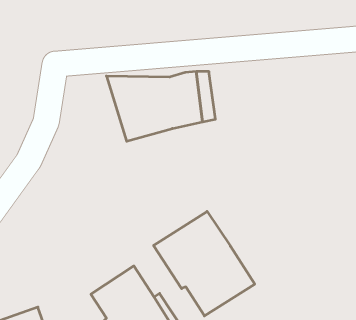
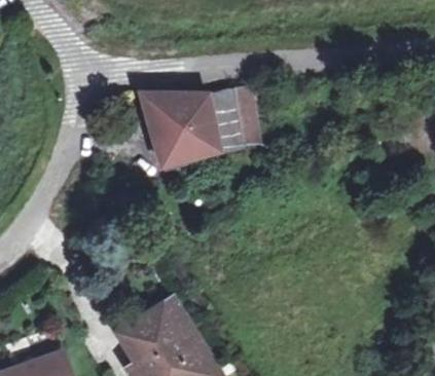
building: [154,211,255,316] -> none

